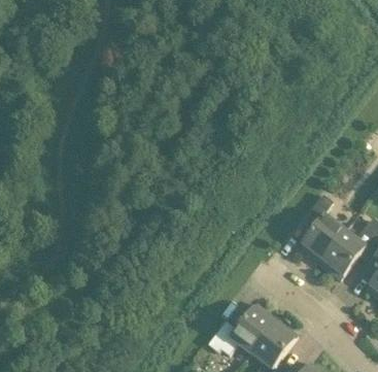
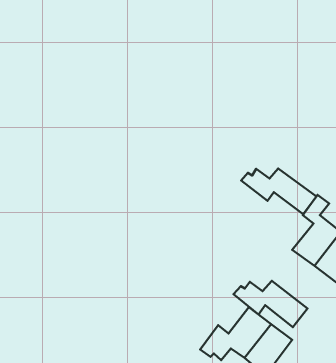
building: none -> [241,169,316,214]
building: none -> [234,281,308,327]

